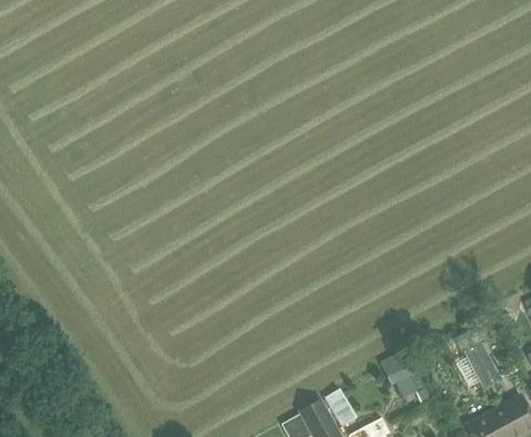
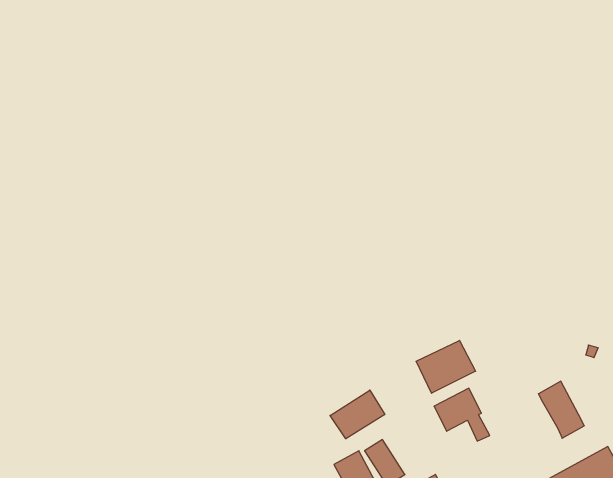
building: none -> [416,340,476,393]
building: none -> [330,390,385,439]

